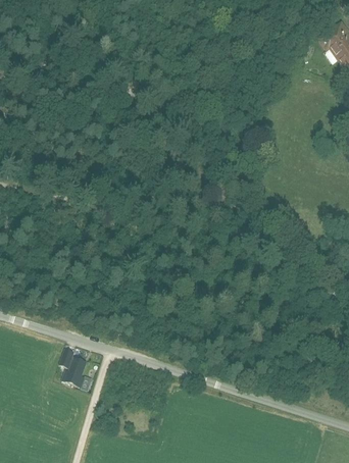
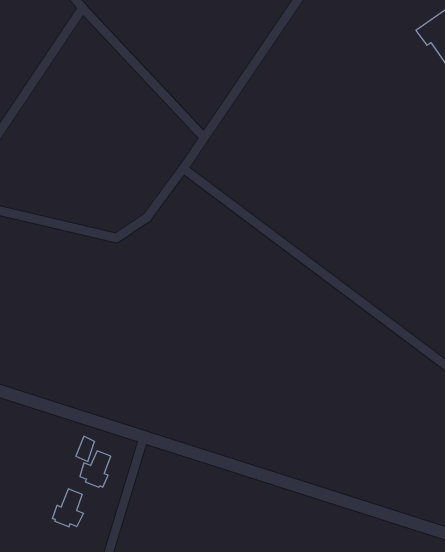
building: none -> [52,489,83,527]

